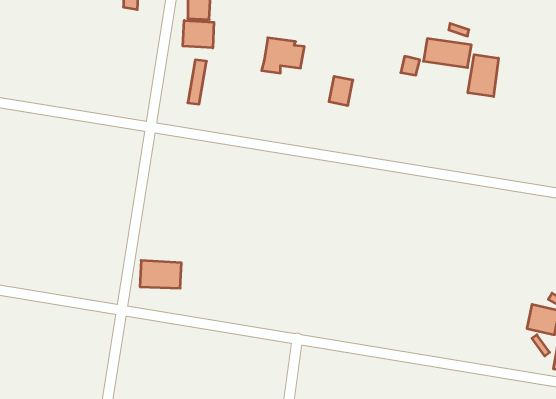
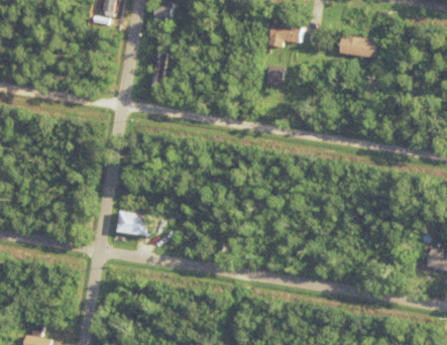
building: [183,20,214,48] -> none
building: [262,38,304,73] -> [268,19,303,47]
building: [468,55,498,97] -> none

